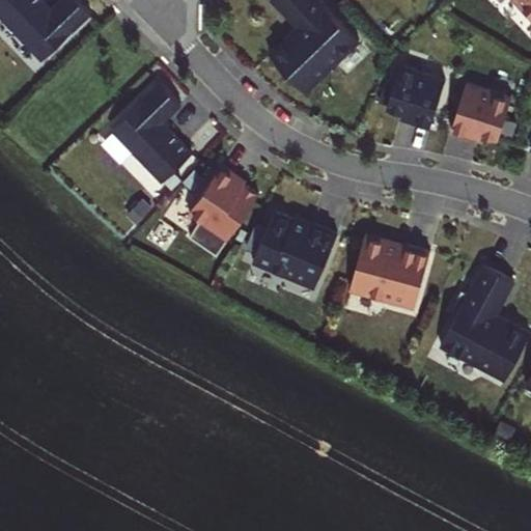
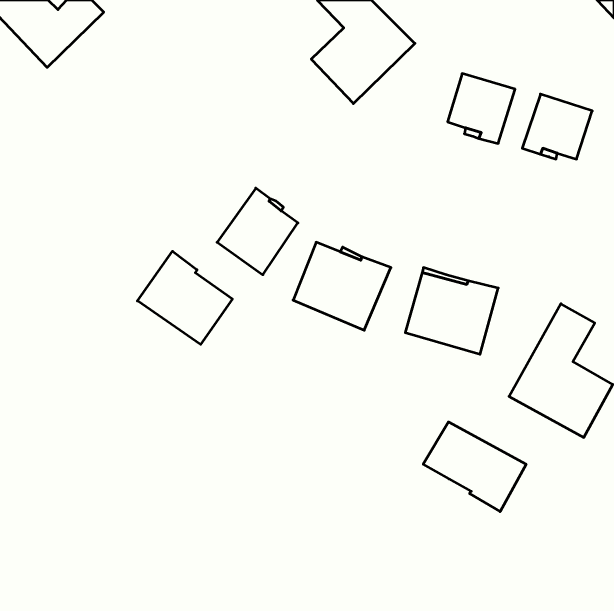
building: [110,84,191,184] -> none
building: none -> [137,251,232,344]
building: none -> [423,422,526,512]

